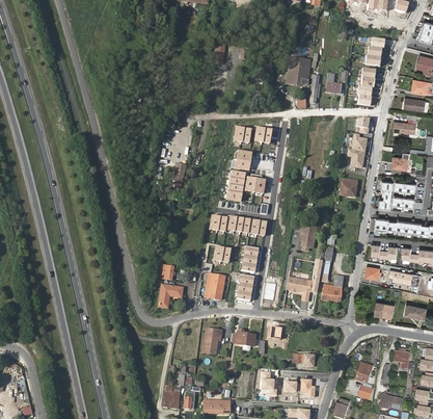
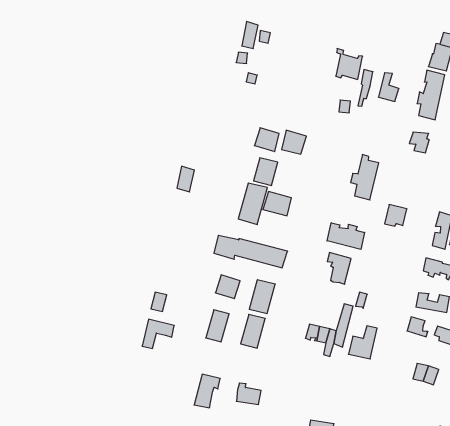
building: [346,134,367,169] -> [351,155,379,200]
building: none -> [327,223,365,249]

